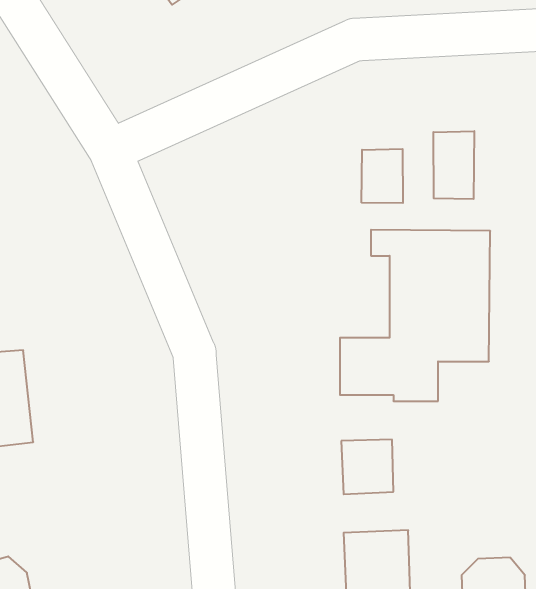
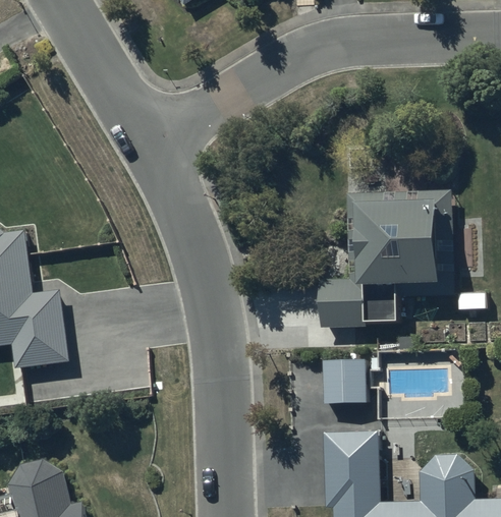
building: [433,131,474,199] -> none
building: [362,149,403,203] -> none

